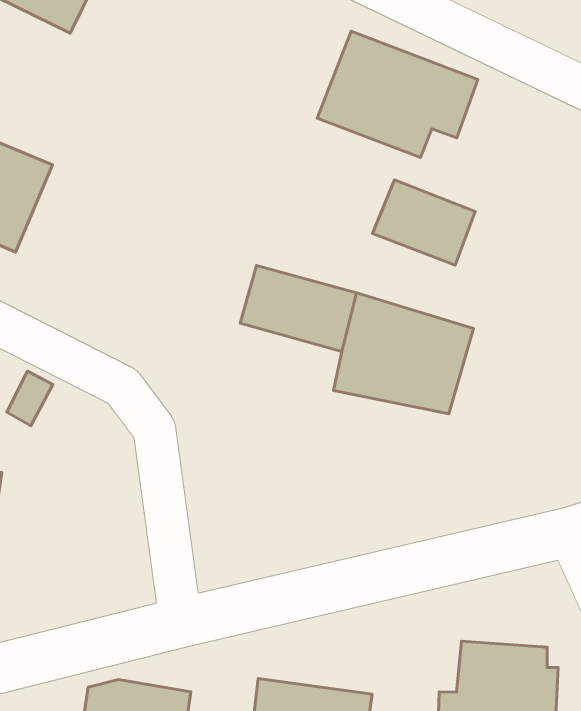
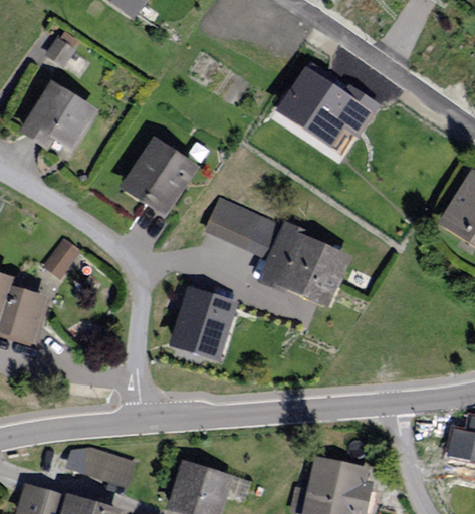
building: [373,180,475,265] -> none
building: none -> [121,136,201,218]
building: none -> [170,285,239,362]

